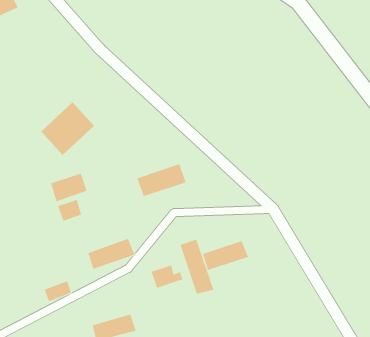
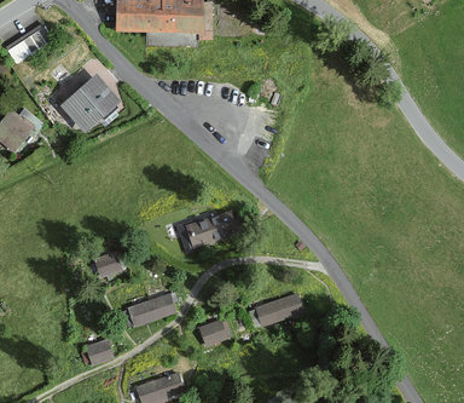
building: [40,101,95,156] -> [59,75,118,134]
building: [51,173,87,202] -> none
building: [180,239,214,295] -> none

